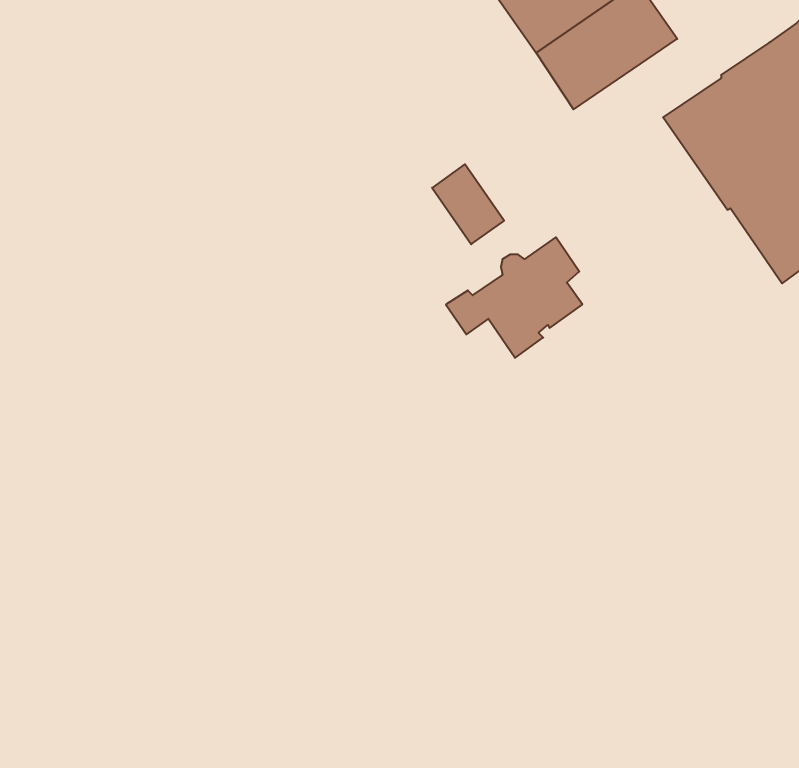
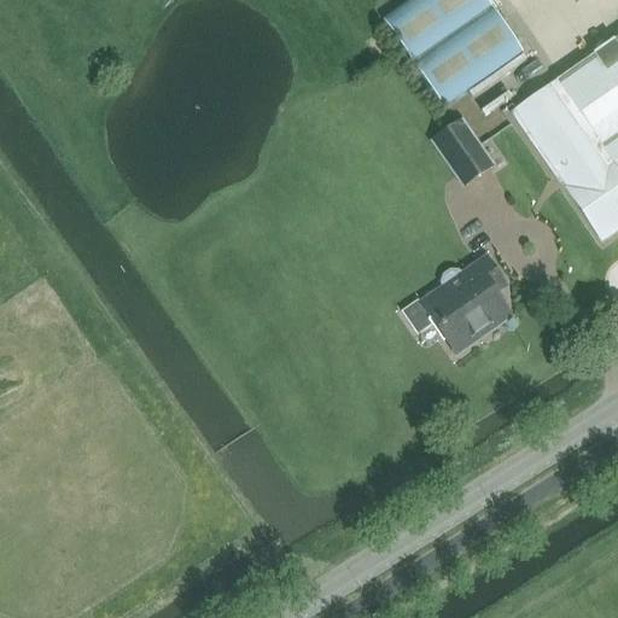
building: [432,164,504,244] -> [436,119,491,181]
building: [446,237,582,358] -> [403,257,508,350]

